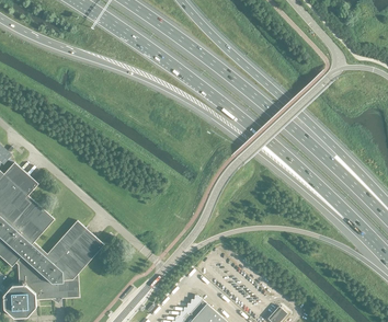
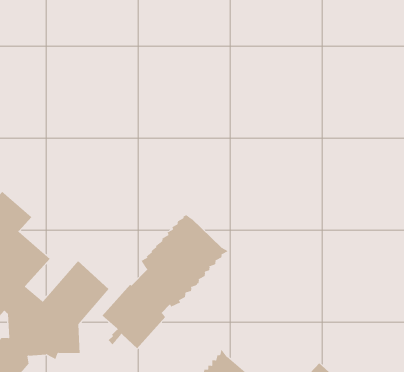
building: none -> [101,214,228,349]

